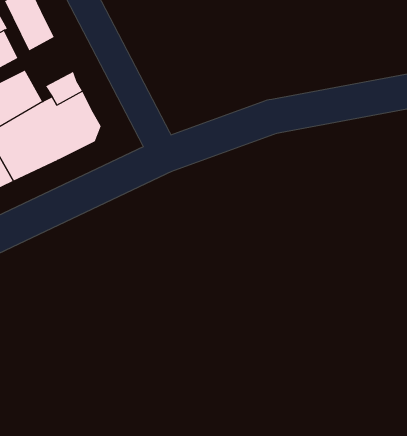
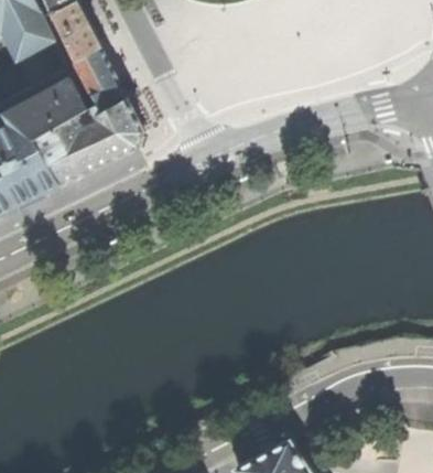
building: none -> [72,49,115,95]

